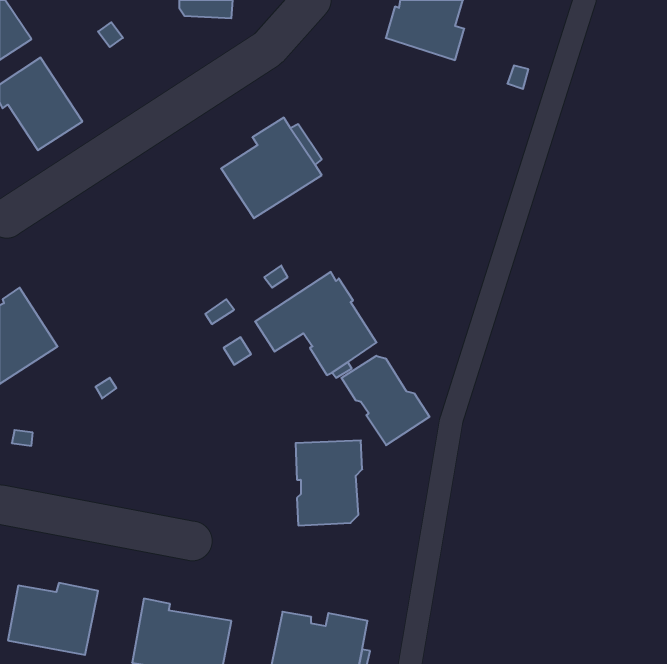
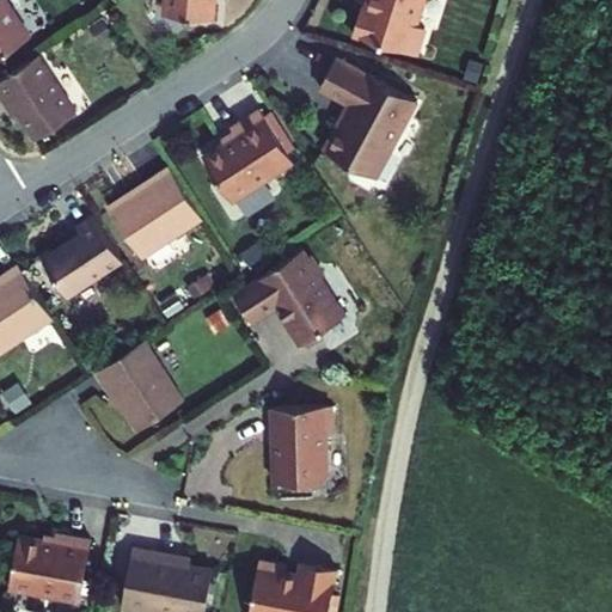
building: none -> [319,59,416,178]
building: none -> [110,169,202,259]
building: none -> [42,218,122,298]
building: [341,356,429,445] -> none
building: none -> [94,342,182,432]

